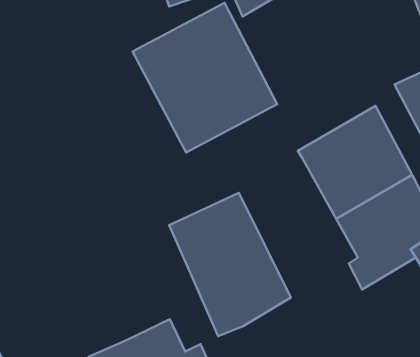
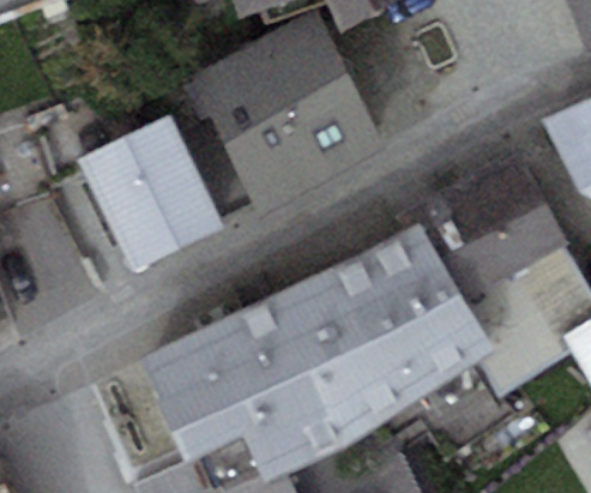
building: none -> [79,116,223,271]
building: none -> [336,221,495,408]
building: none -> [141,311,308,480]

